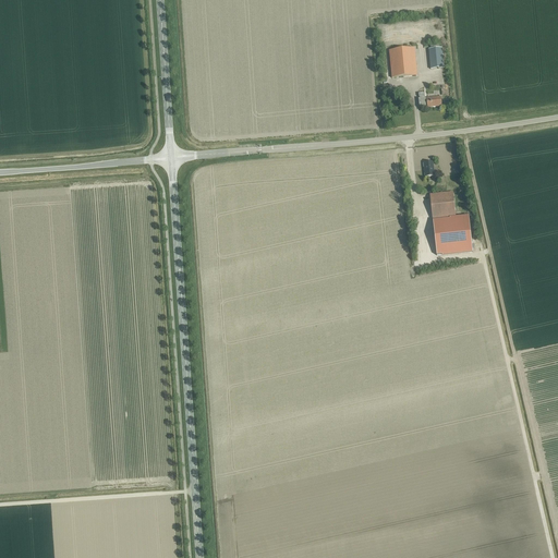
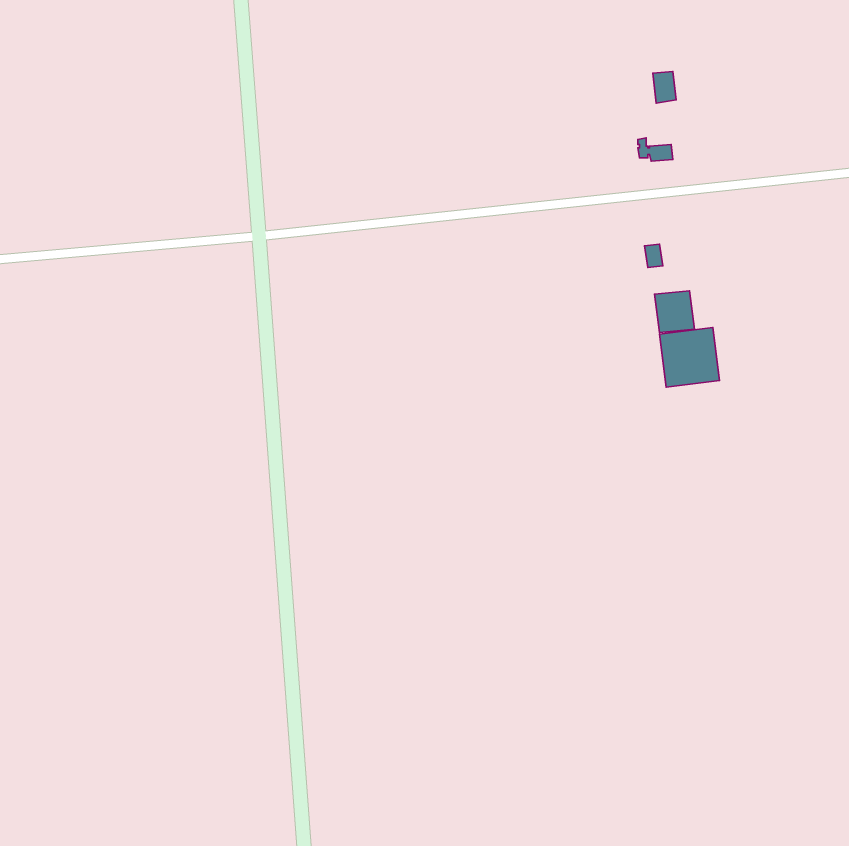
building: [389,47,416,76] -> none

